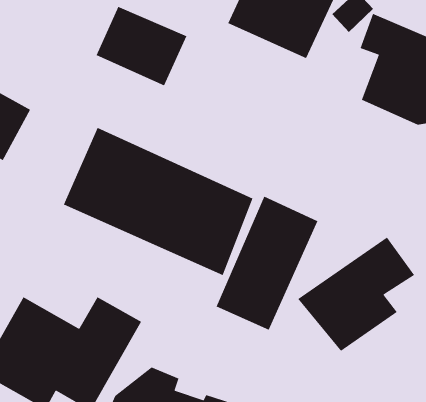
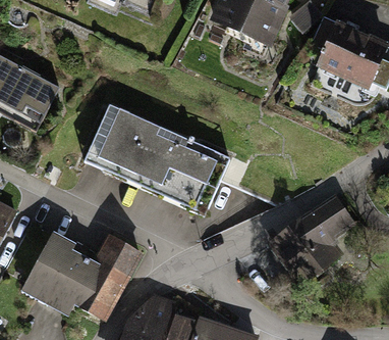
building: [96,6,188,86] -> none
building: [215,196,318,331] -> none

